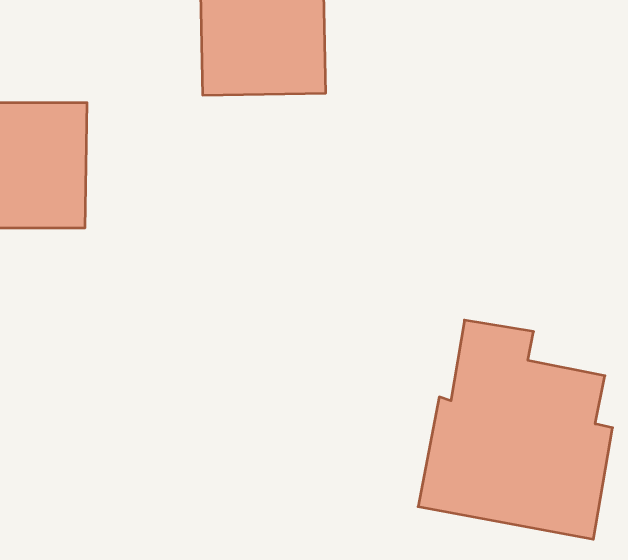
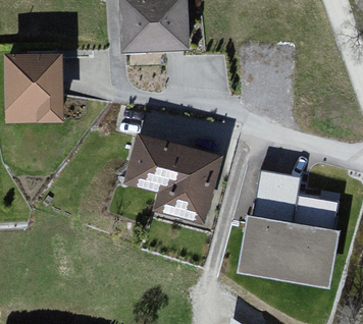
building: none -> [129,134,221,221]

